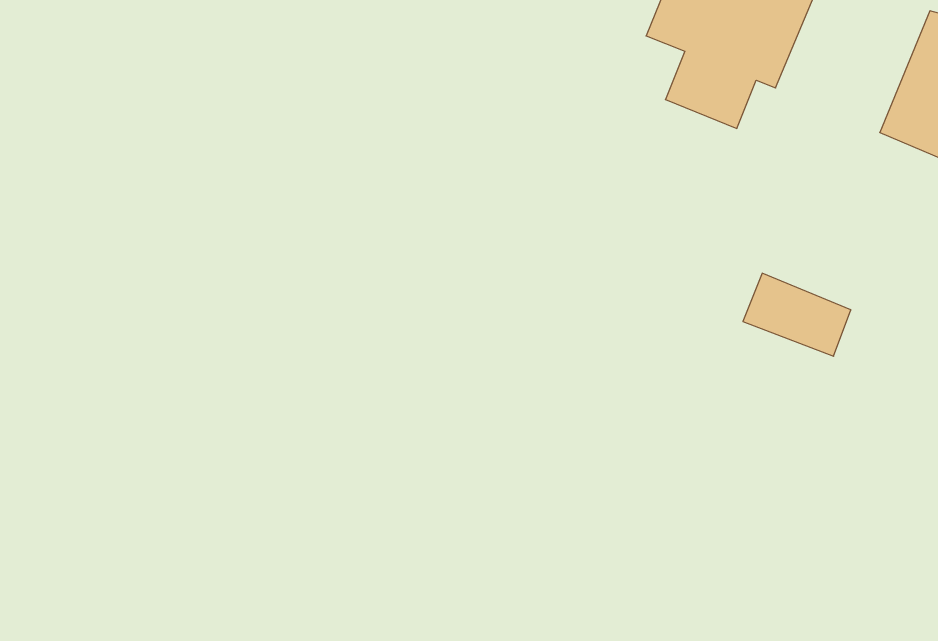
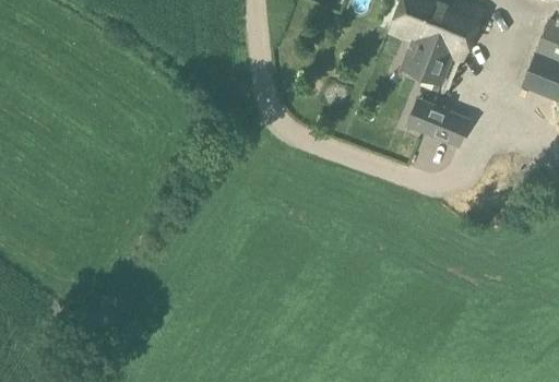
building: [743,273,851,356] -> [407,99,468,146]

